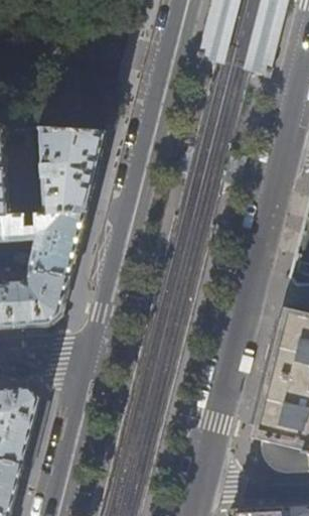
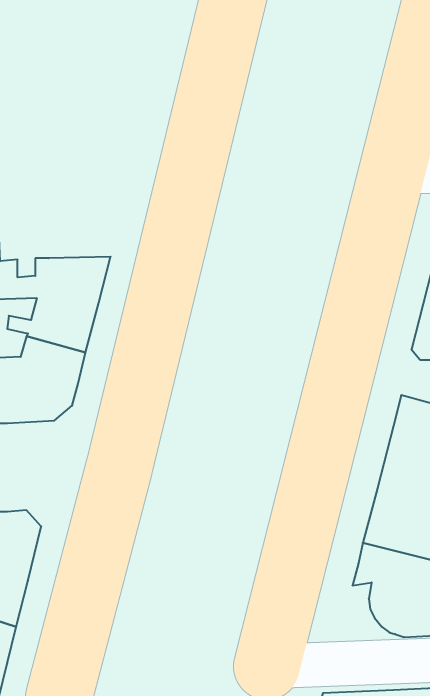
building: [38,126,105,212] -> none

